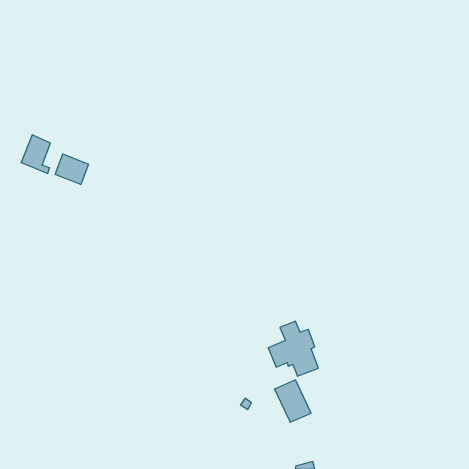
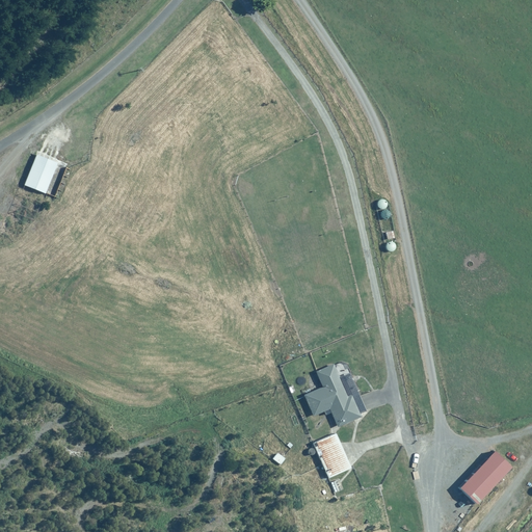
building: [55,154,88,185] -> none
building: none -> [459,451,511,503]

